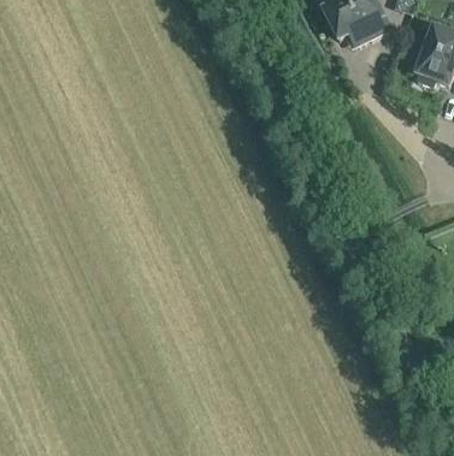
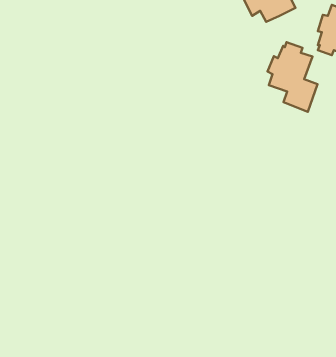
building: none -> [267,42,318,112]

